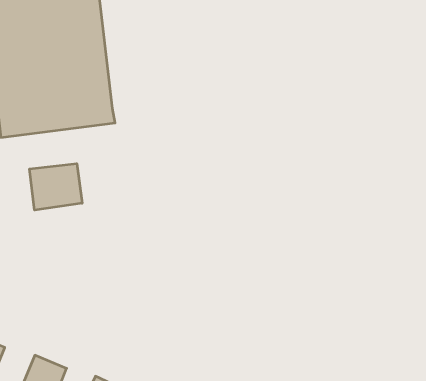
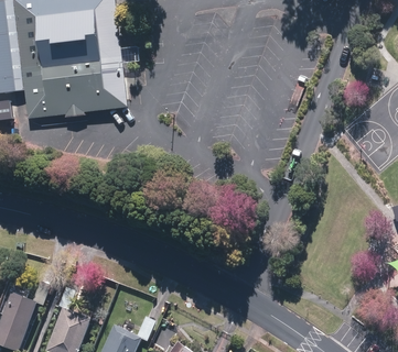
building: [30,164,82,210] -> none

